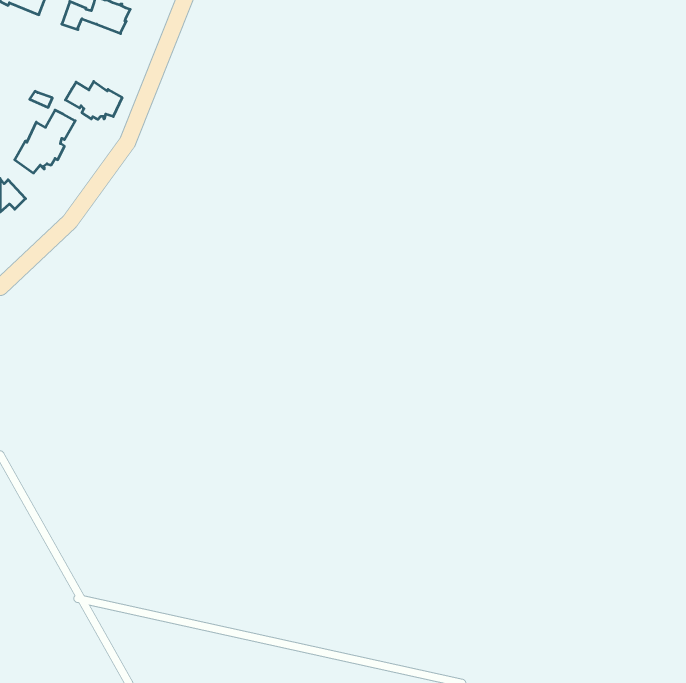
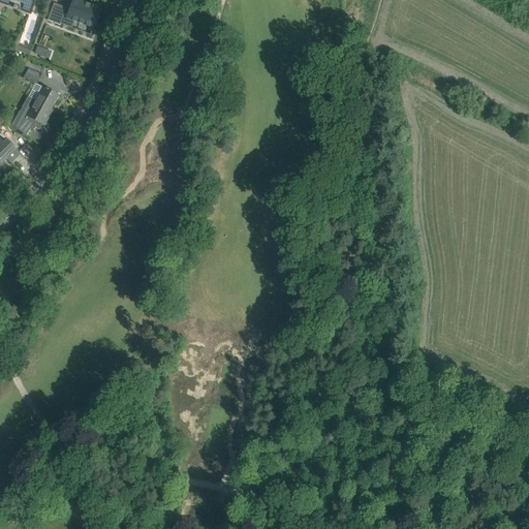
building: [65,81,122,119] -> none

